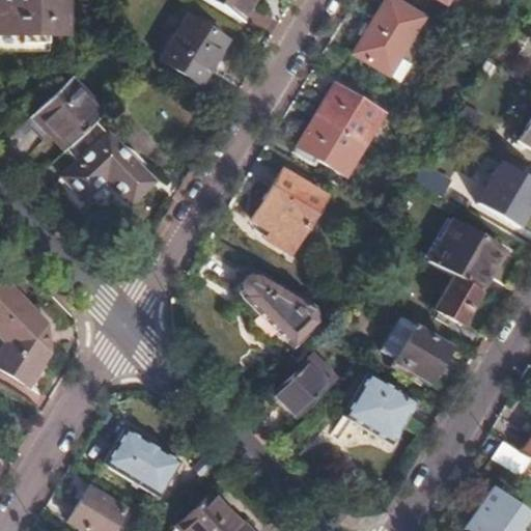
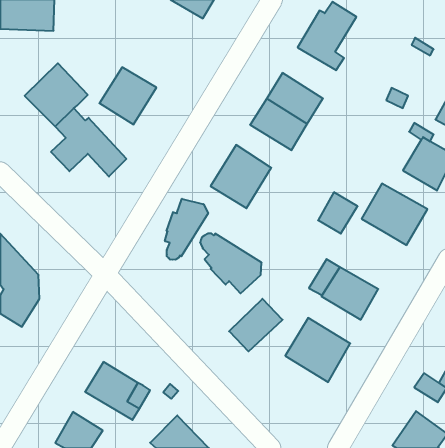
building: [162,17,229,84] -> [99,67,156,124]
building: none -> [165,199,208,260]
building: [438,273,484,322] -> [318,192,358,234]

